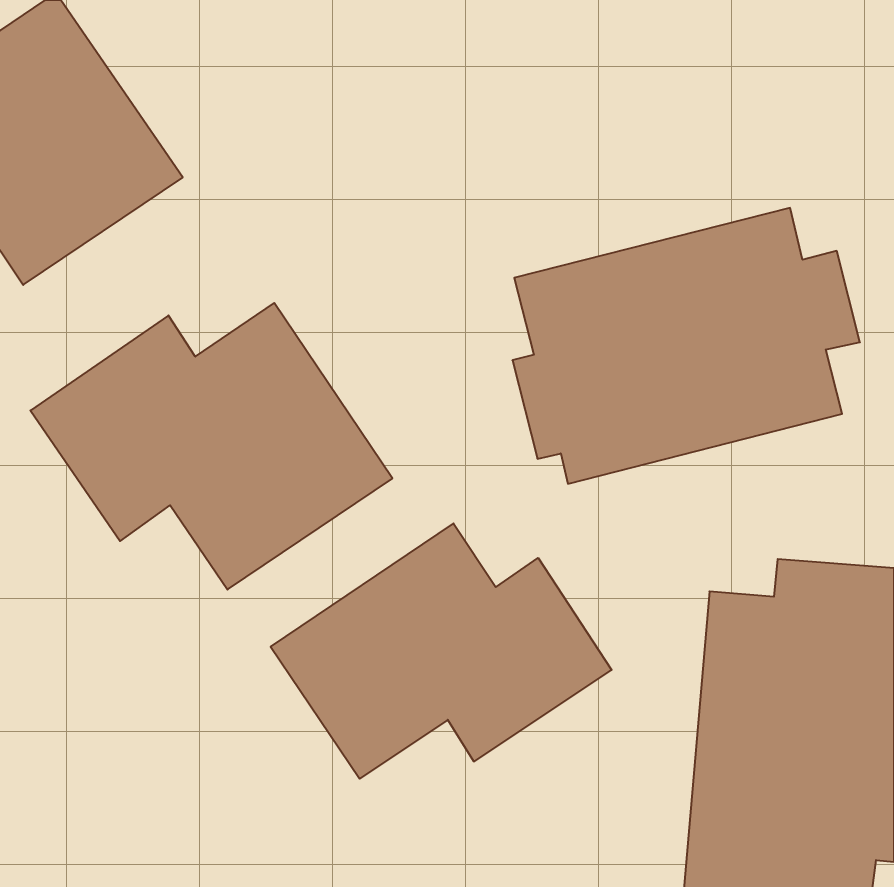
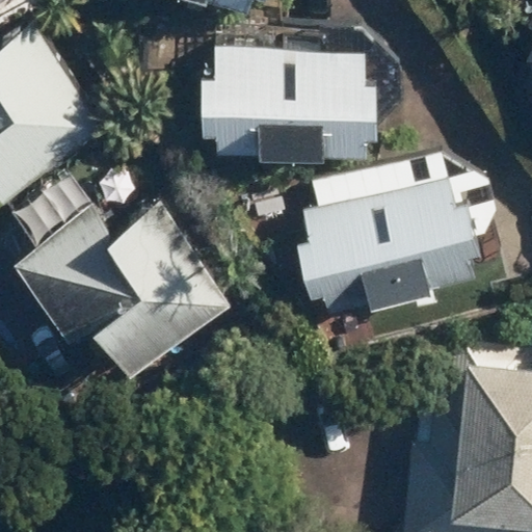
building: none -> [203,37,383,145]
building: [271,523,612,779] -> none

